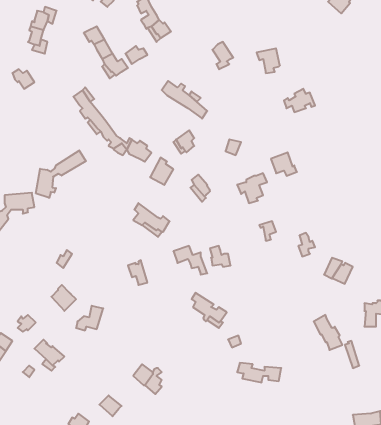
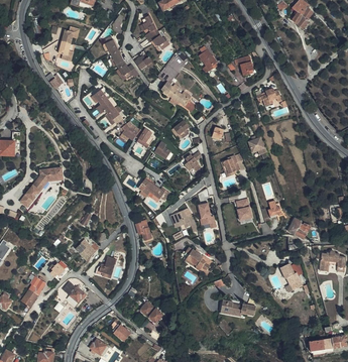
building: [36,150,86,198] -> none

